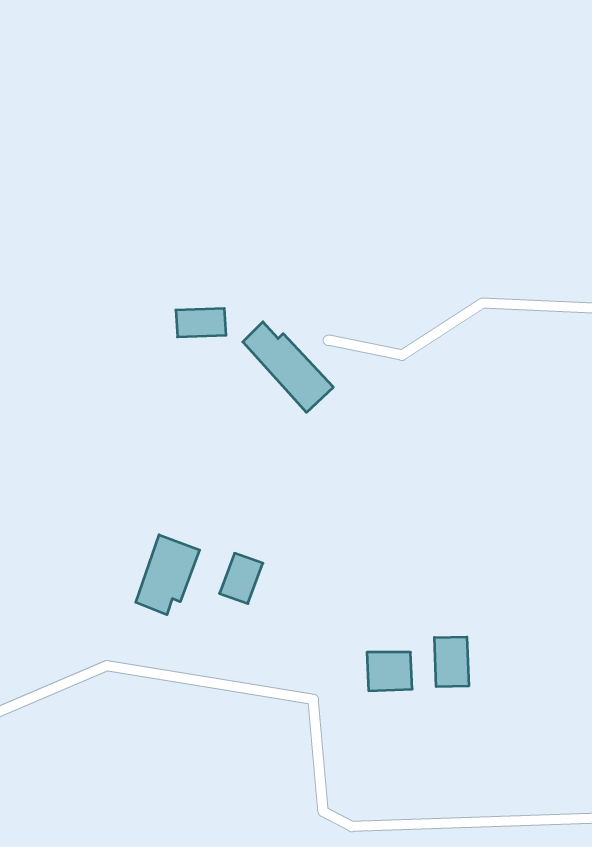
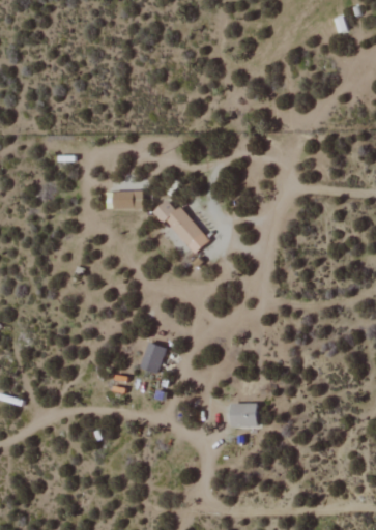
building: [136,535,200,615] -> none
building: [434,637,469,687] -> none

